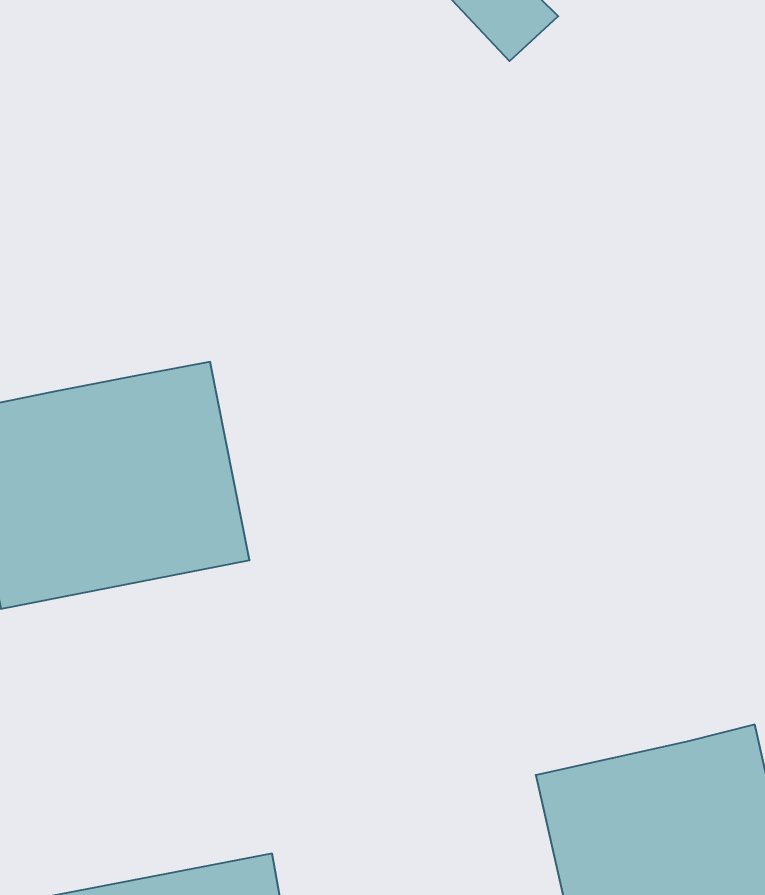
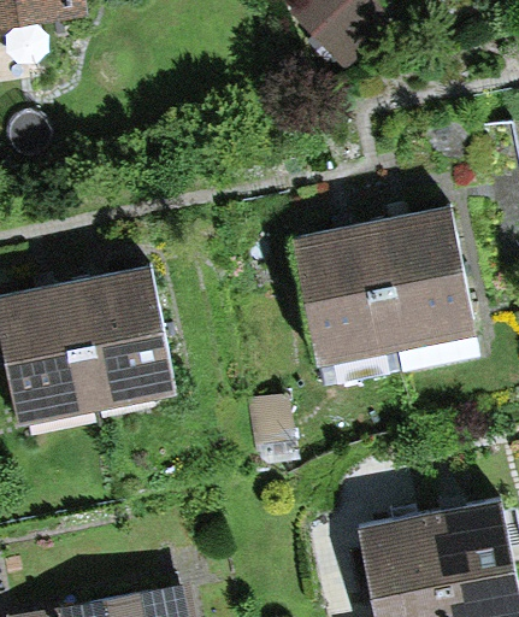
building: none -> [295,205,476,363]

